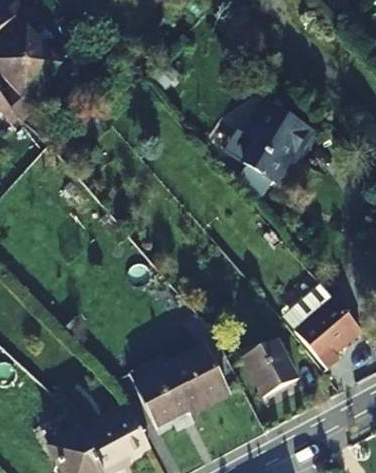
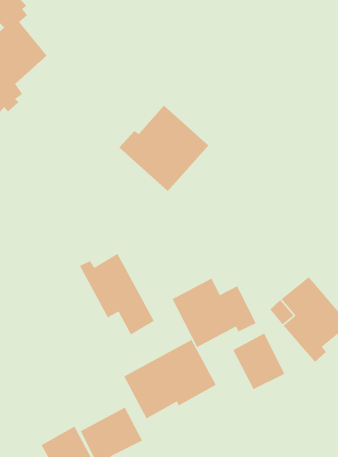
building: [222,98,312,184] -> [119,105,209,192]
building: none -> [79,253,155,335]
building: none -> [172,277,257,348]

